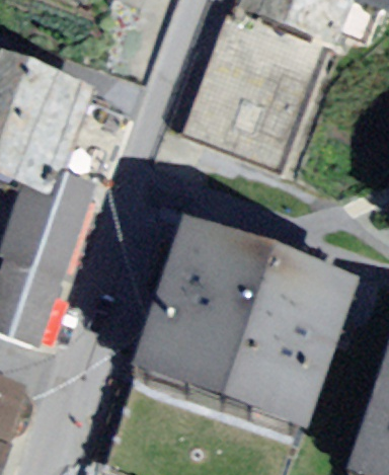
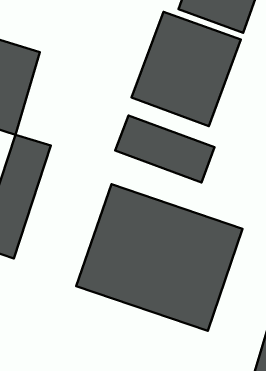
building: none -> [115,116,215,183]

